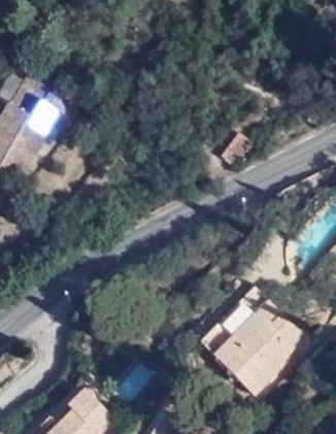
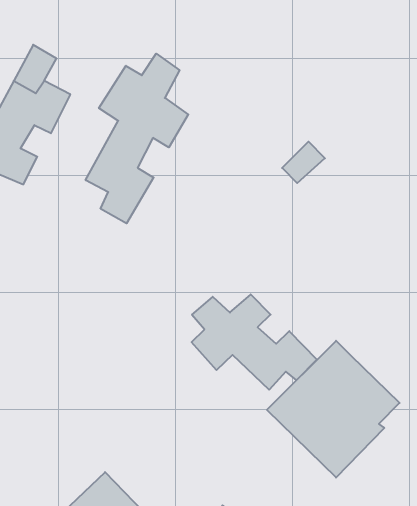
building: none -> [86,54,188,223]
building: none -> [192,294,317,390]

